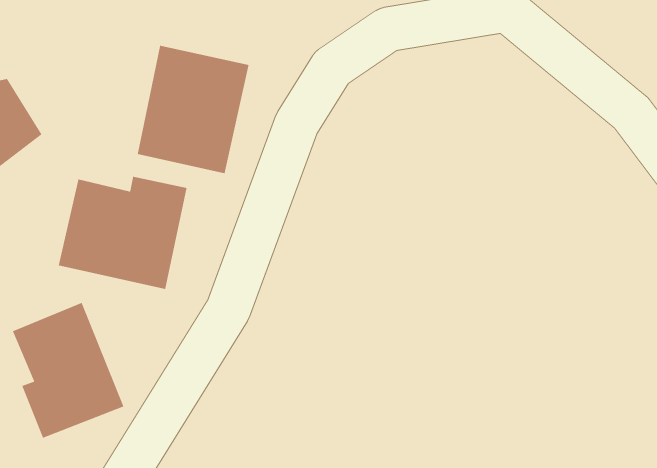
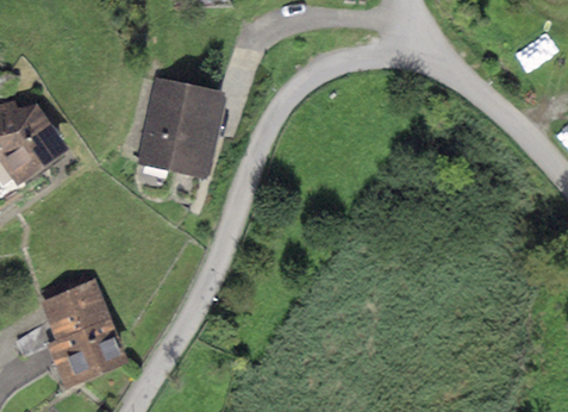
building: [58,176,187,290] -> none

